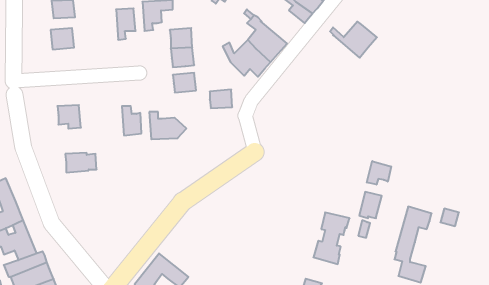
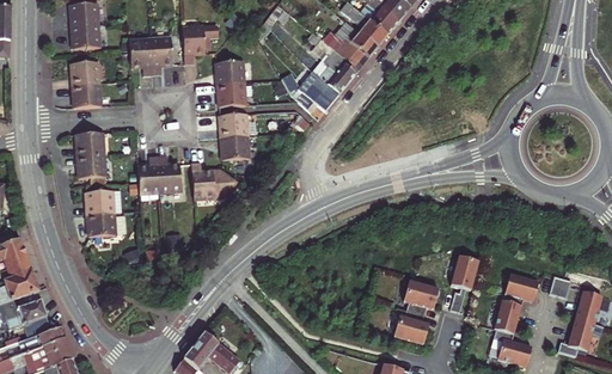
building: none -> [129,33,153,70]
building: [330,22,377,58] -> [324,31,381,75]
building: none -> [73,80,100,104]
building: none -> [78,129,105,152]
building: [210,90,232,108] -> [222,133,250,155]
building: none -> [137,152,160,189]
building: none -> [87,186,115,210]
building: [367,161,391,185] -> none
building: none -> [557,292,600,357]

